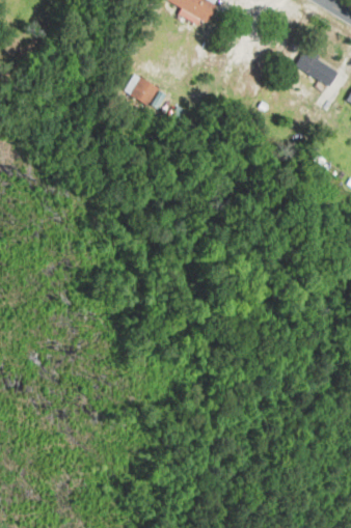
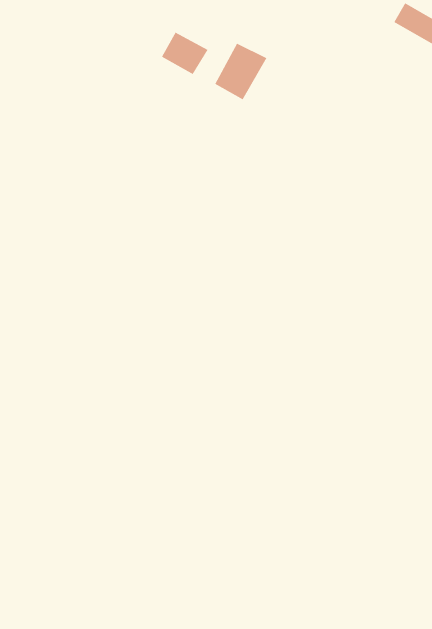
building: none -> [214,43,267,100]

